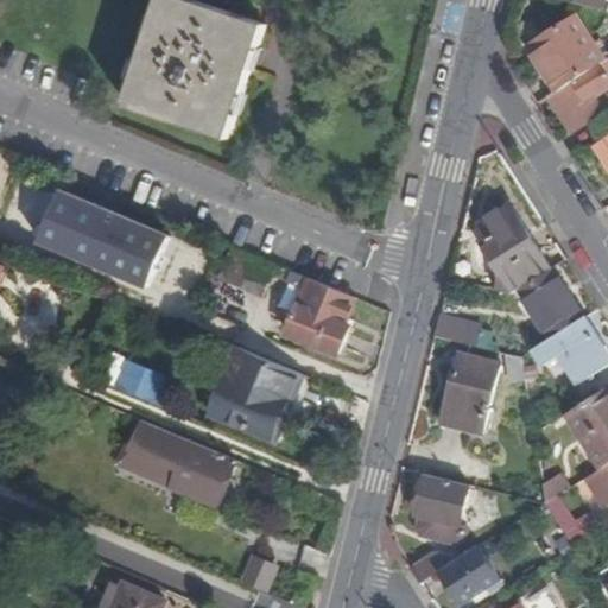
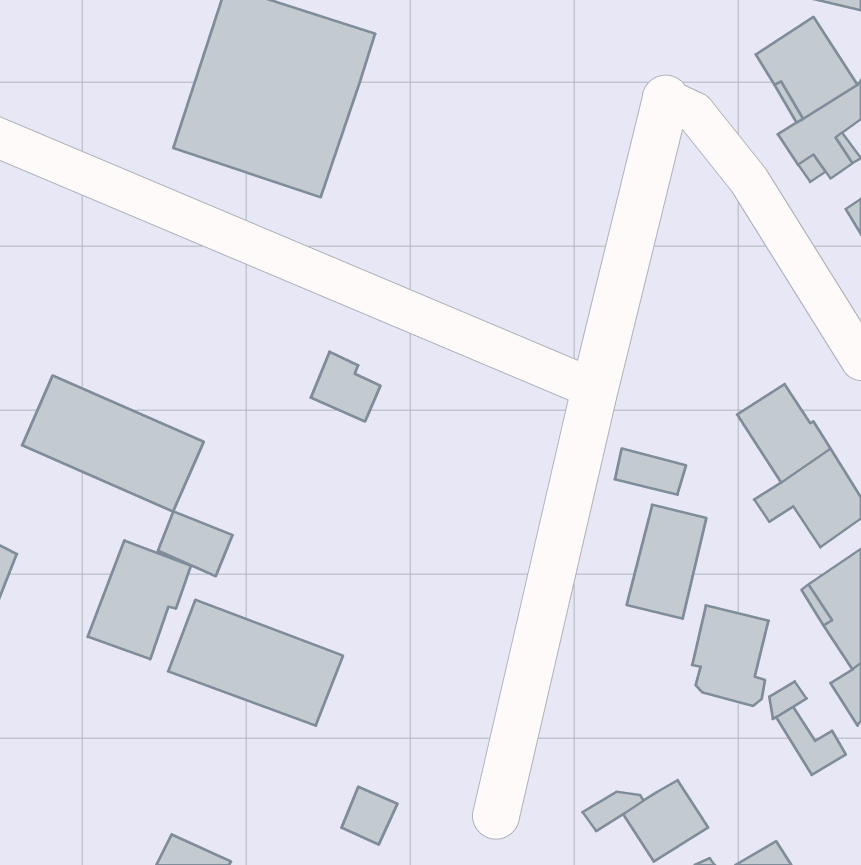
building: [38,192,165,287] -> [22,376,204,512]
building: [475,204,546,290] -> none
building: [283,279,352,353] -> none
building: [208,348,298,438] -> none
building: none -> [88,540,191,659]
building: [411,473,464,543] -> [692,605,769,706]

